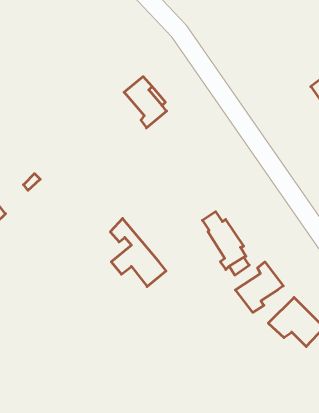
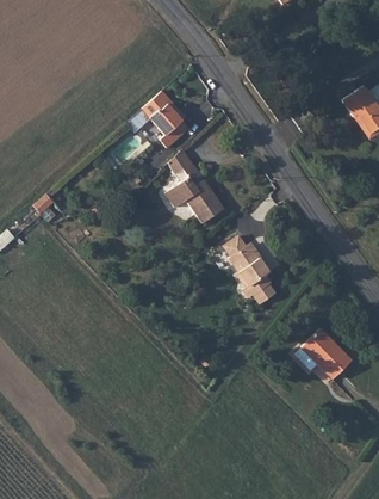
building: [110,218,166,287] -> [166,153,225,226]
building: [235,262,283,312] -> none

